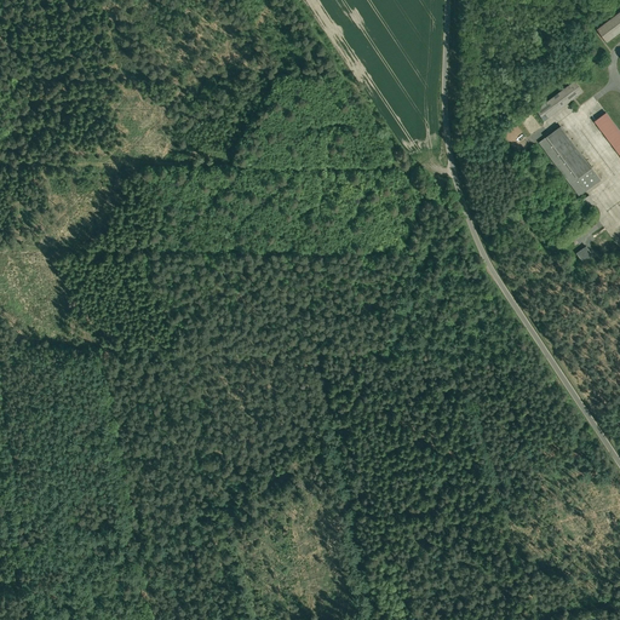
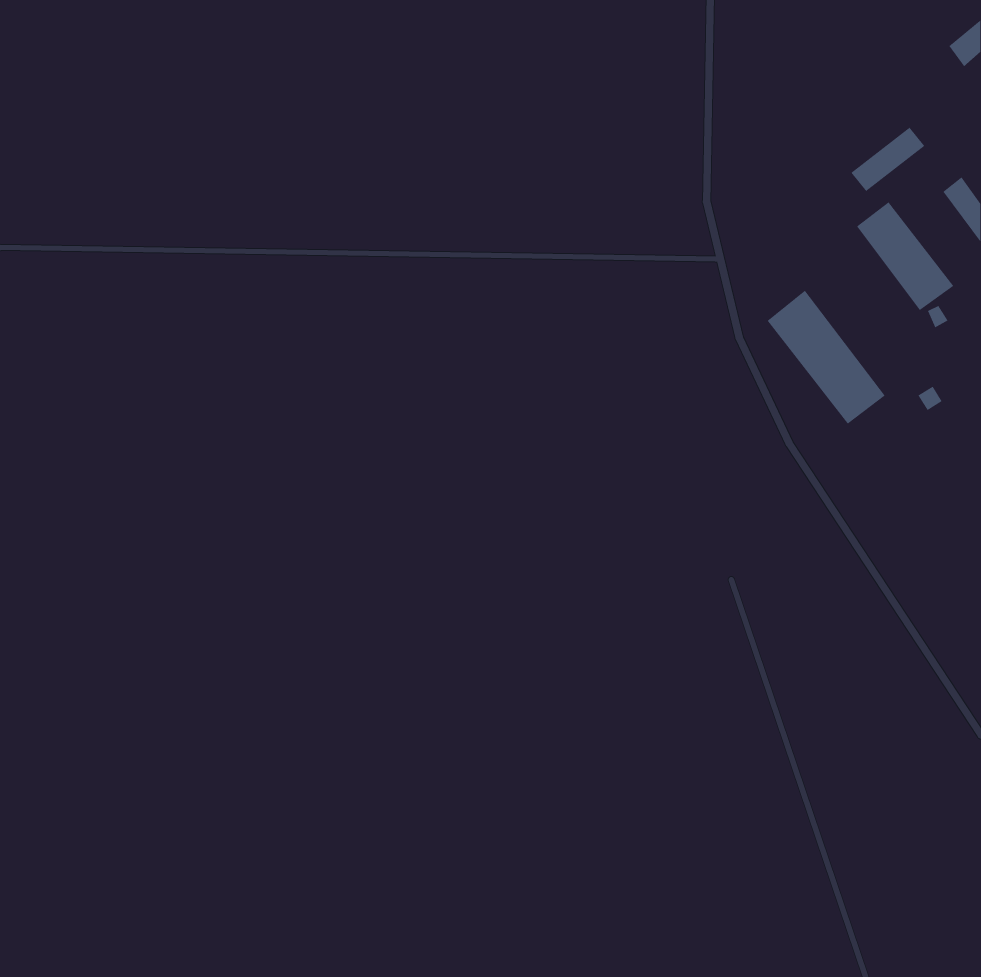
building: none -> [767,290,885,425]

